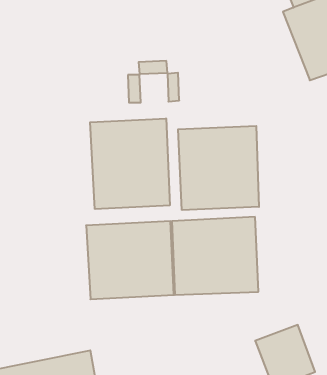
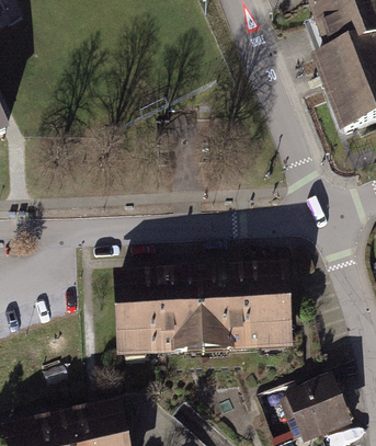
building: [90,118,170,209] -> none
building: [178,126,259,210] -> none

